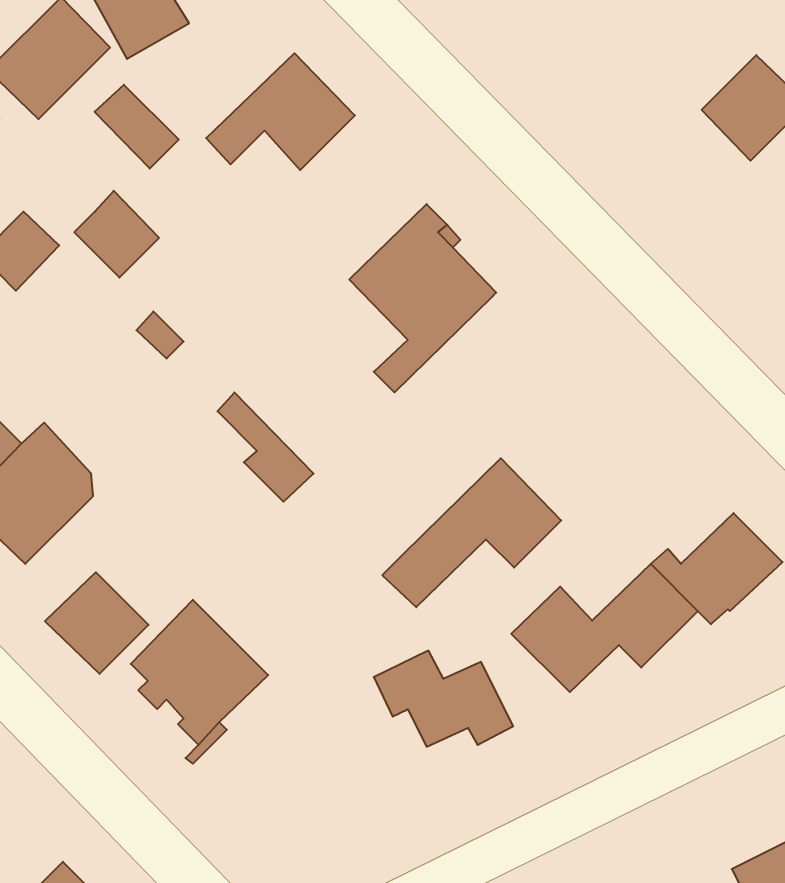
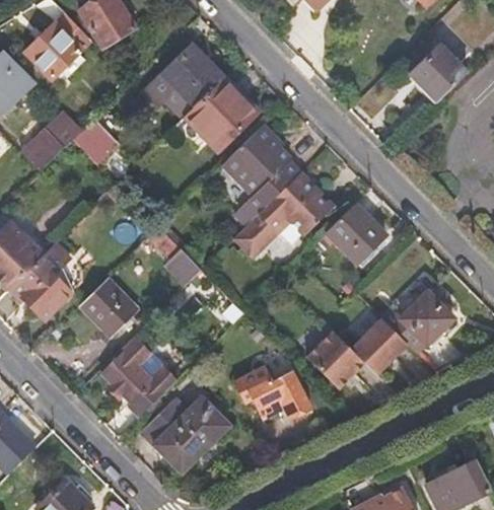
building: [95,85,179,169] -> none
building: none -> [186,77,258,149]
building: none -> [326,203,385,262]
building: [382,458,561,607] -> [234,174,331,254]
building: [45,572,149,674] -> [80,278,136,333]
building: none -> [144,396,231,470]

